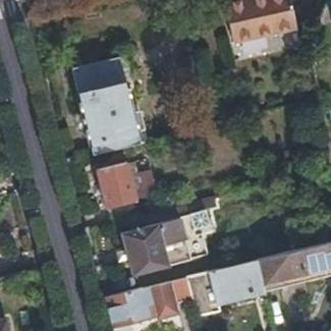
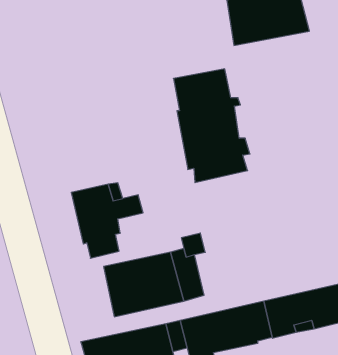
building: [75,55,141,152] -> [173,69,250,183]

